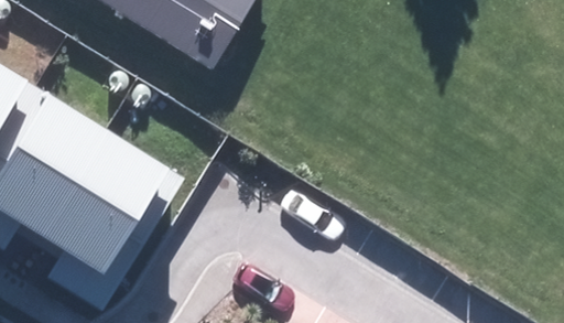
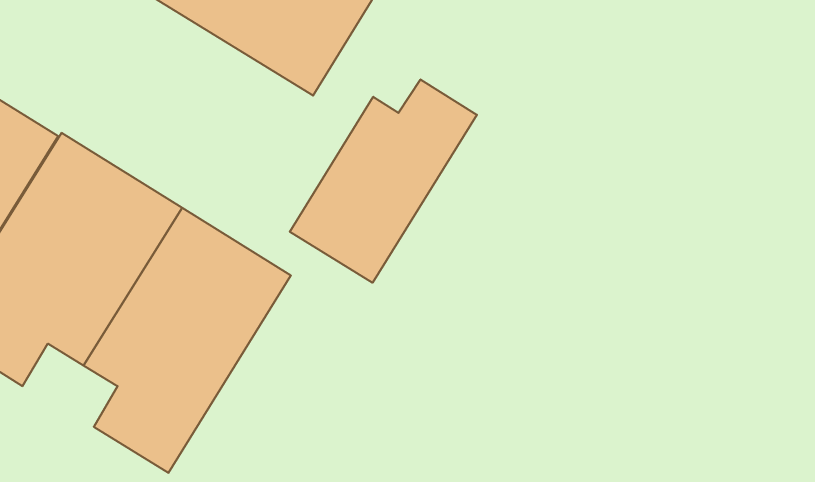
building: none -> [290,79,477,283]

